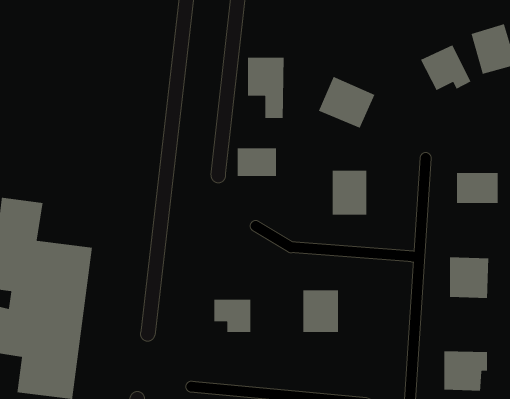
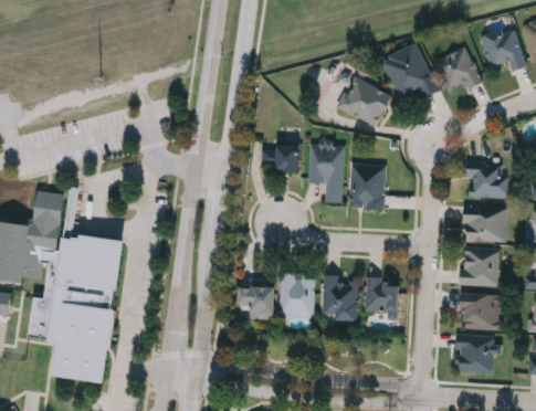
building: none -> [381,44,437,98]
building: [247,57,285,119] -> [308,145,344,203]
building: none -> [463,207,506,242]
building: none -> [280,275,314,319]
building: none -> [366,280,398,314]
building: none -> [460,294,502,330]

